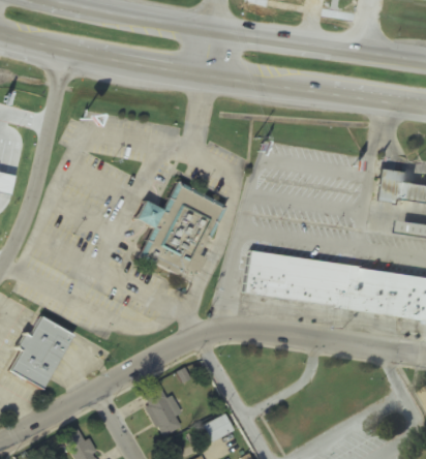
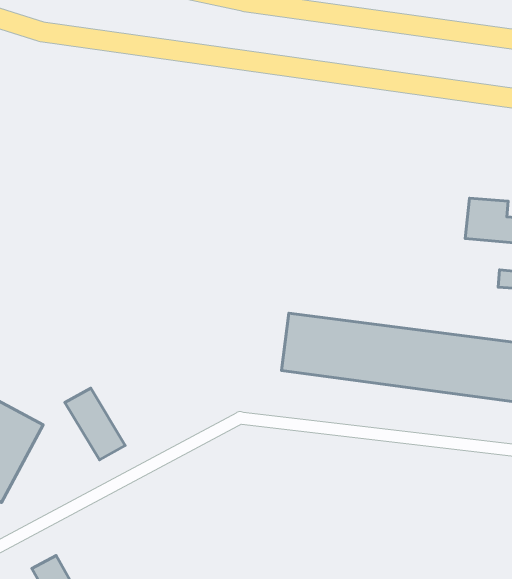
building: [136,181,225,276] -> none
building: [141,384,184,435] -> [65,388,125,460]
building: [206,414,235,439] -> none

